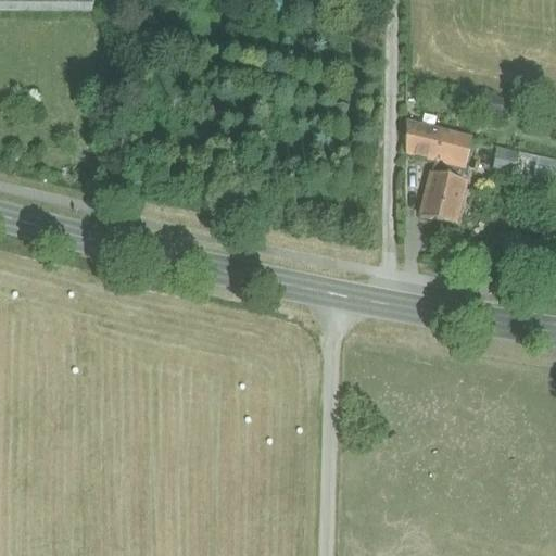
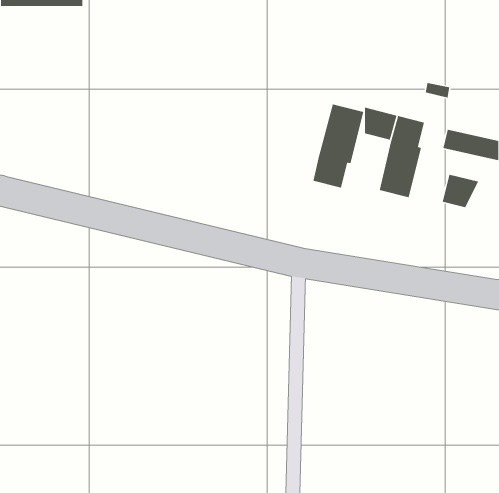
building: none -> [312,104,364,189]
building: none -> [442,174,479,208]

